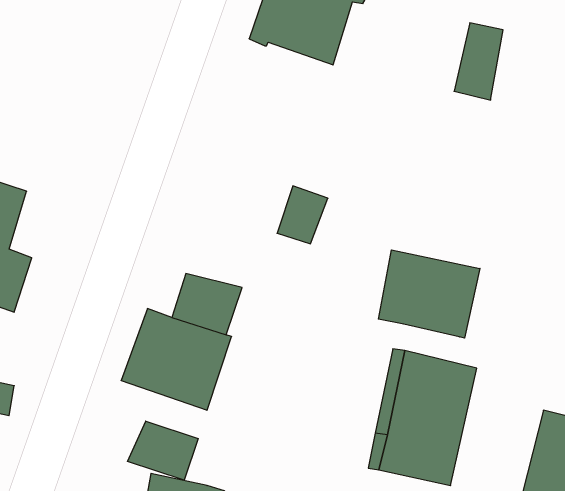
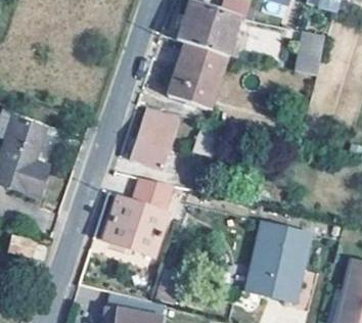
building: none -> [169,41,226,108]
building: none -> [131,107,180,168]
building: [378,250,480,338] -> none
building: [127,421,198,480] -> none

